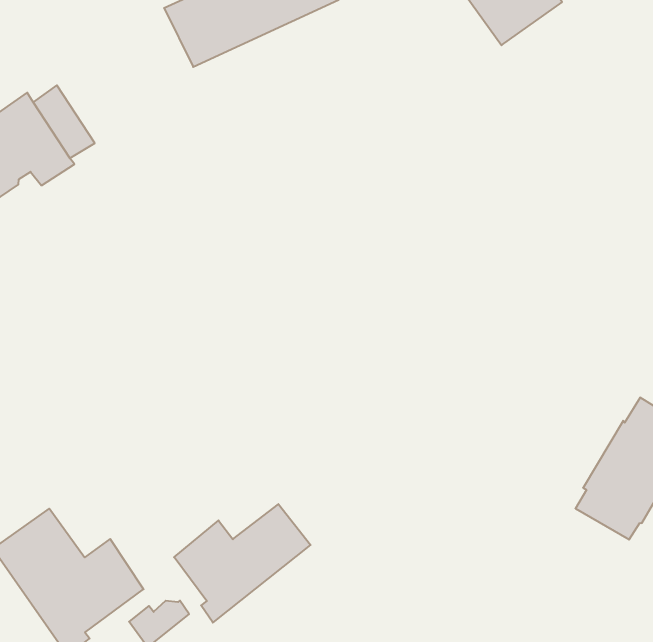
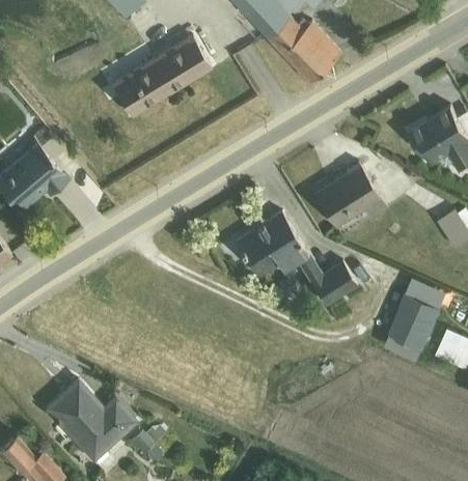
building: none -> [313,163,387,226]
building: none -> [236,211,358,306]
building: [174,504,311,623] -> none

